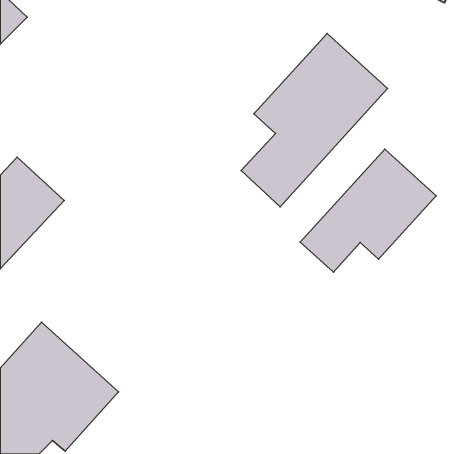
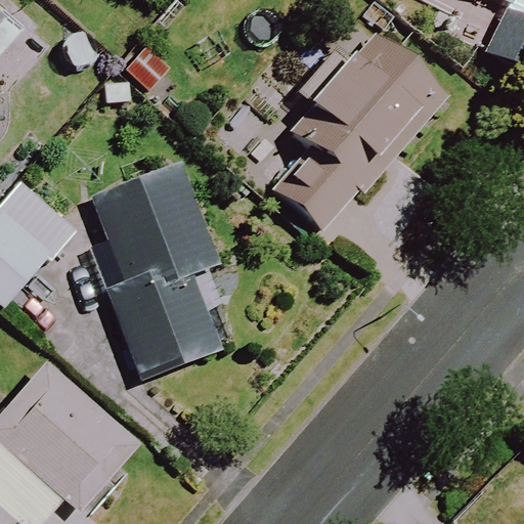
building: none -> [91,160,221,379]
building: [300,149,436,272] -> none

